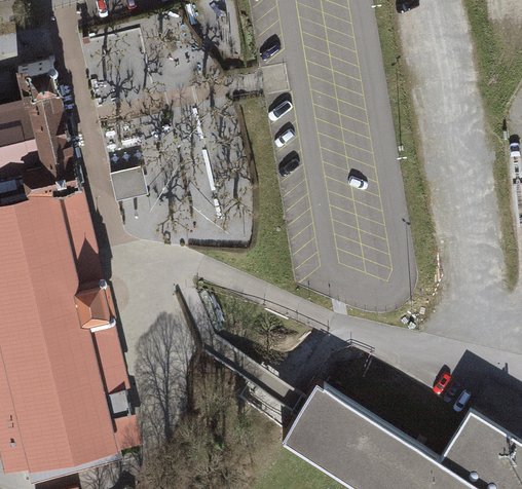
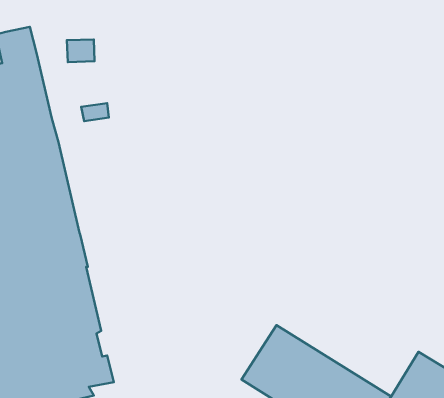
building: [108,166,147,202] -> none

